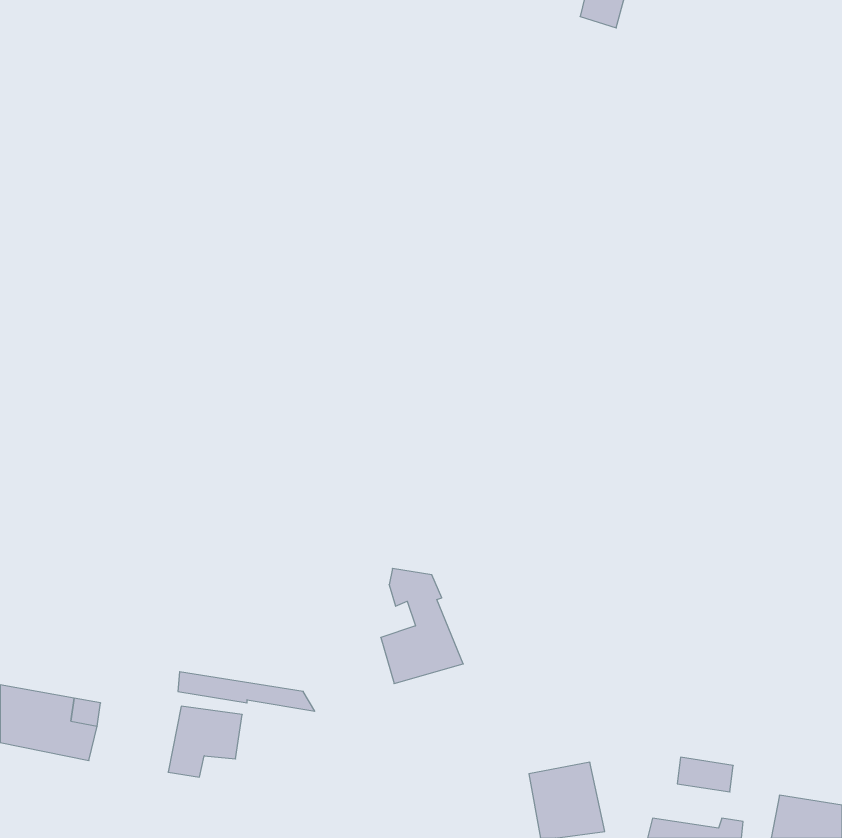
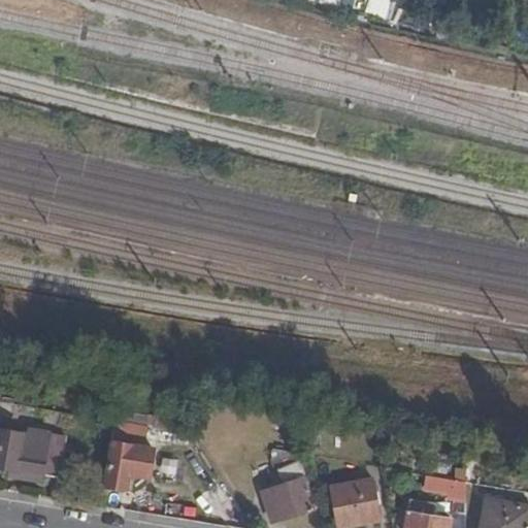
building: [381,568,463,684] -> [263,448,315,520]

